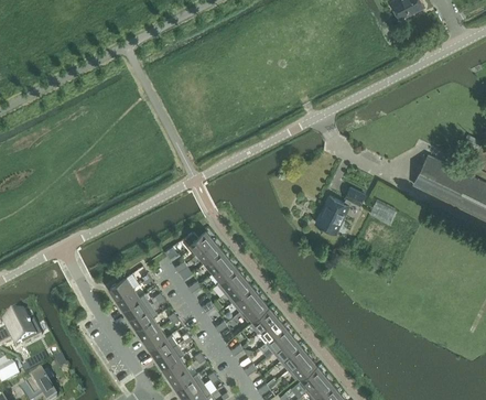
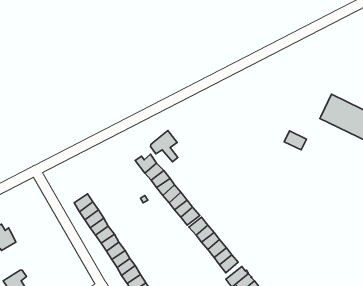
building: [313,186,363,233] -> none
building: none -> [150,131,178,162]

